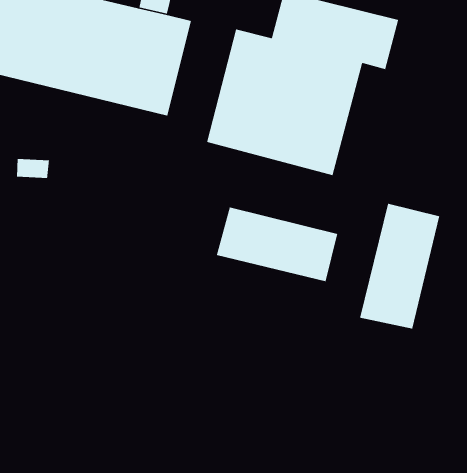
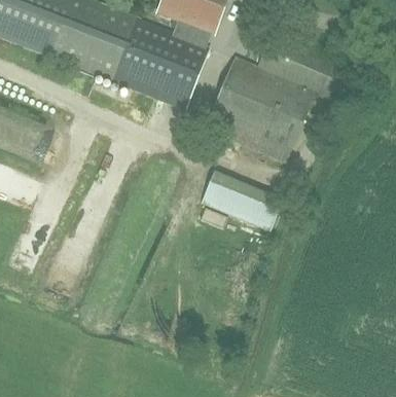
building: [359,203,440,330] -> none

